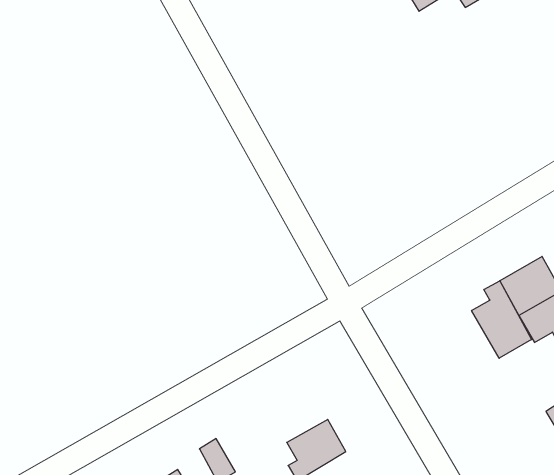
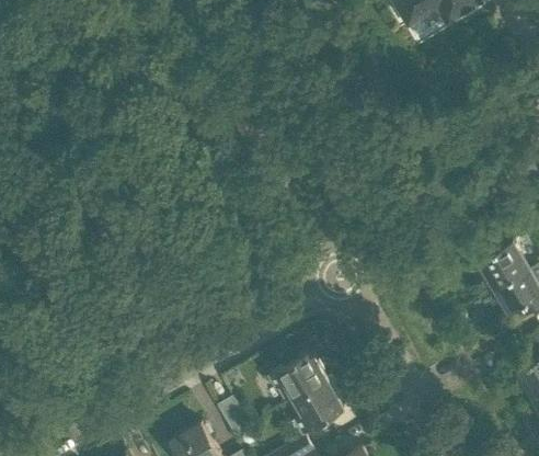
building: [472,281,532,358] -> none
building: none -> [269,352,329,404]

